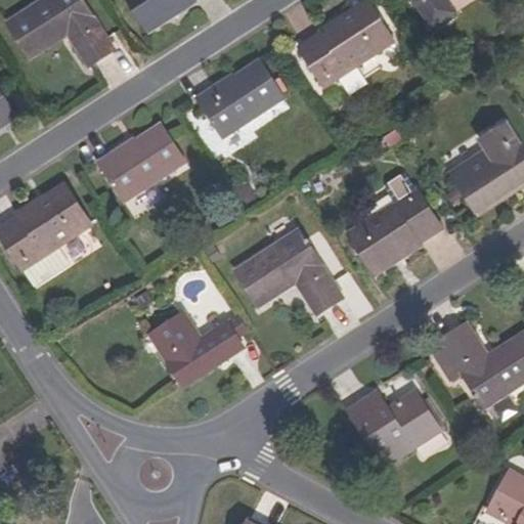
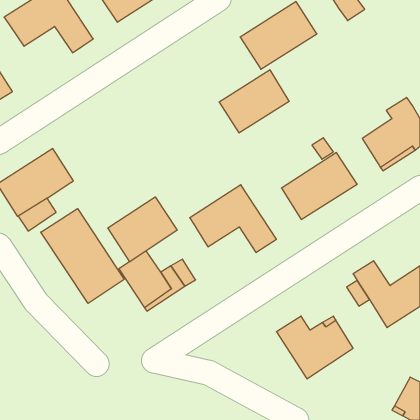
building: [195,59,282,137] -> [219,70,289,133]
building: [98,124,186,202] -> none
building: none -> [108,197,177,262]
building: none -> [41,209,124,303]

